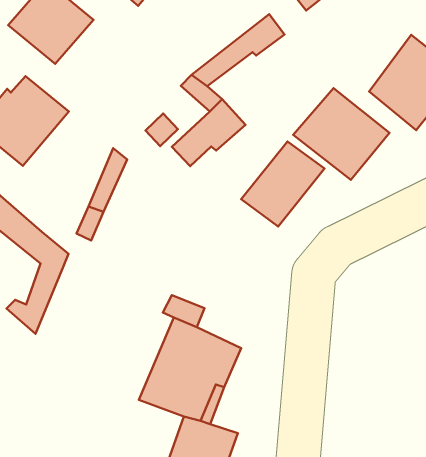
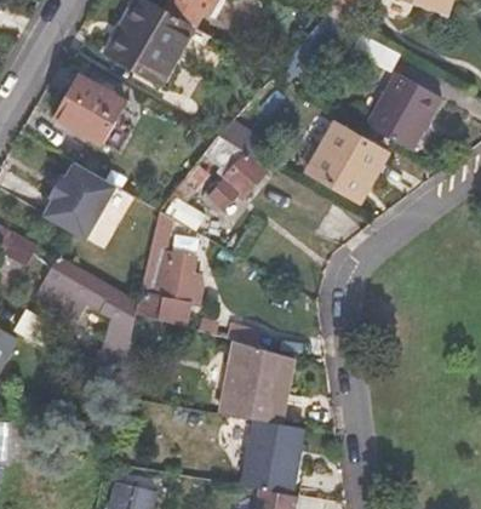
building: [241,141,324,226] -> none
building: none -> [136,257,204,326]

